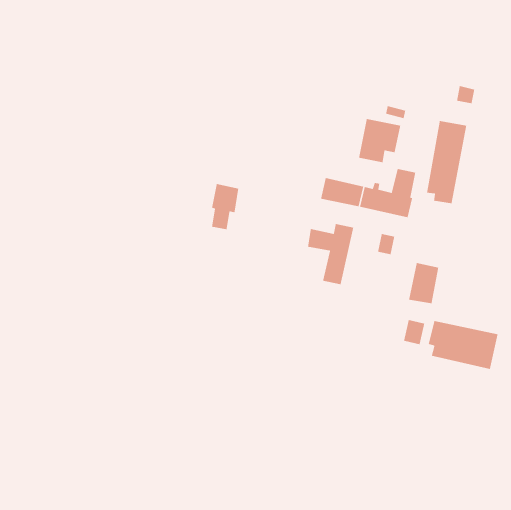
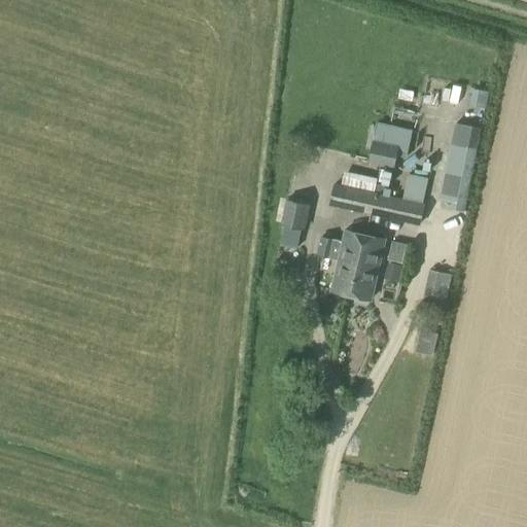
building: [211,183,239,230] -> [281,198,310,246]
building: none -> [351,234,384,298]
building: [428,320,499,370] -> none

